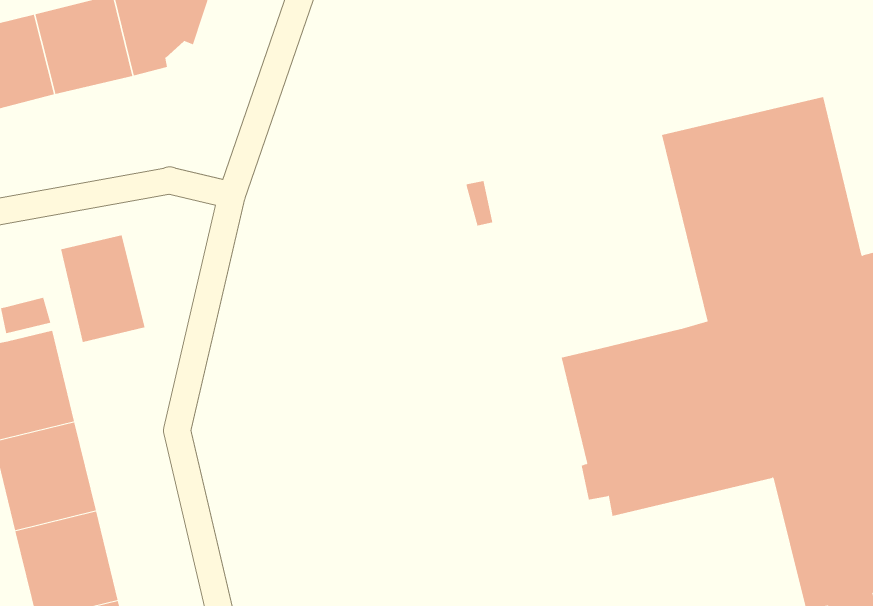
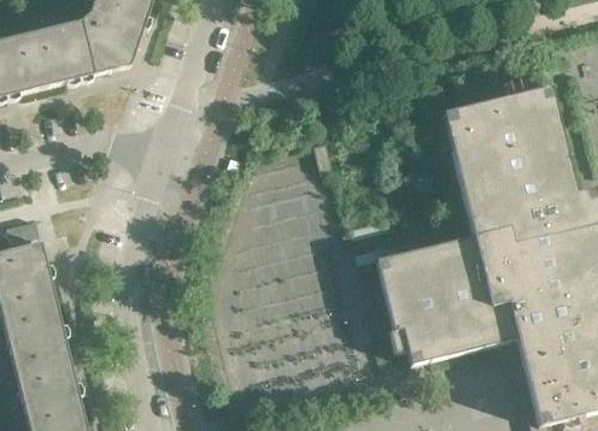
building: [60,234,145,343] -> none

